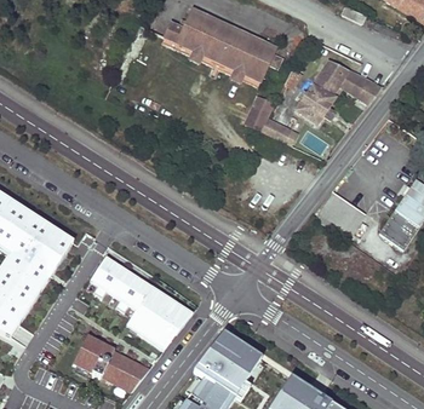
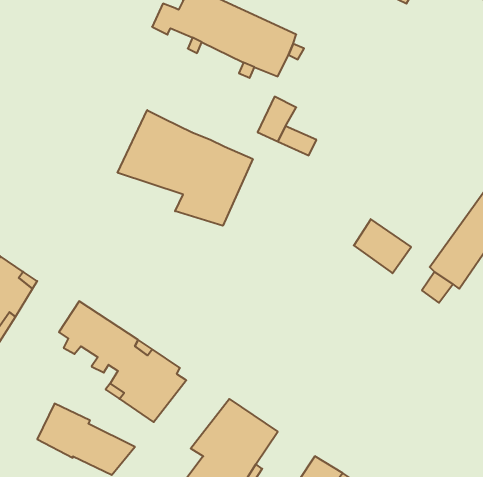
building: [294,59,382,125] -> none
building: none -> [118,110,253,226]

